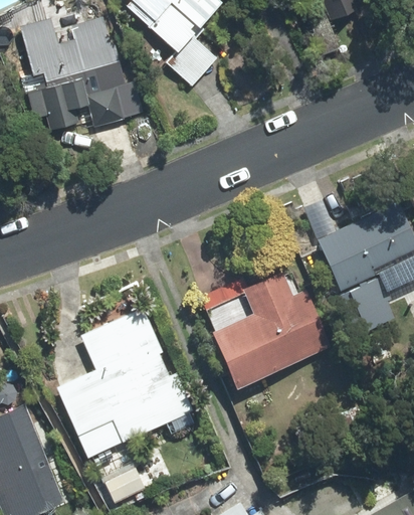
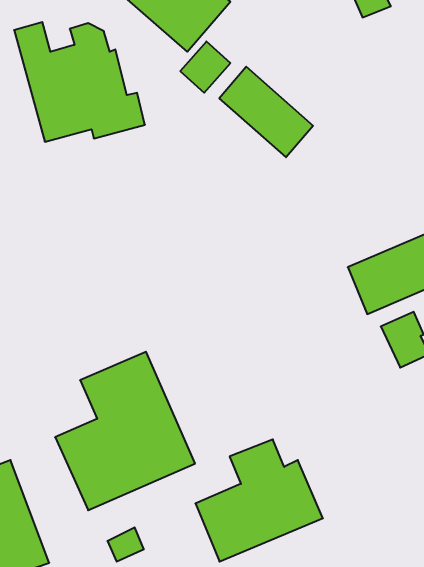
building: none -> [219,67,313,157]
building: [213,276,326,383] -> [195,439,323,562]

